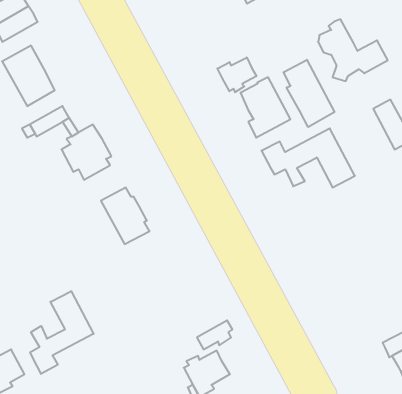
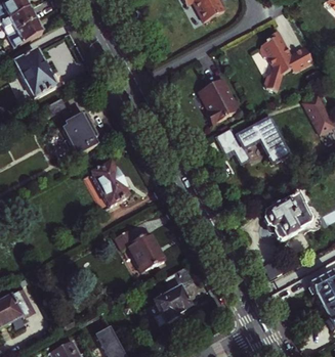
building: [217,57,256,92] -> none
building: [284,60,334,127] -> none
building: none -> [262,193,310,241]
building: none -> [115,229,163,272]
building: [30,291,94,374] -> none

